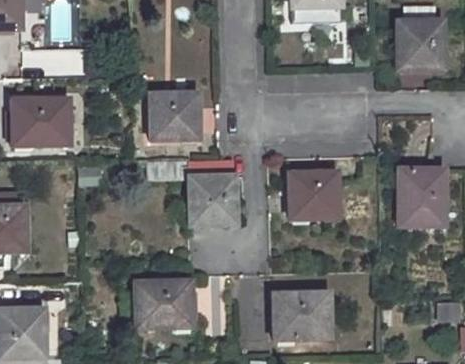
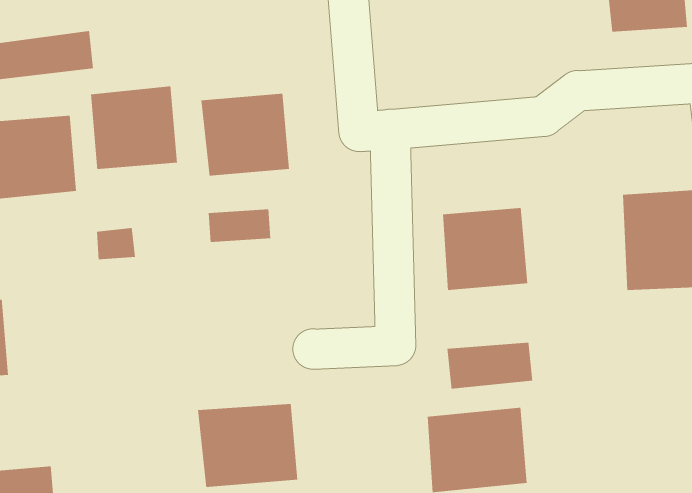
building: none -> [90,85,178,170]
building: [190,157,239,223] -> none
building: none -> [447,342,533,389]

